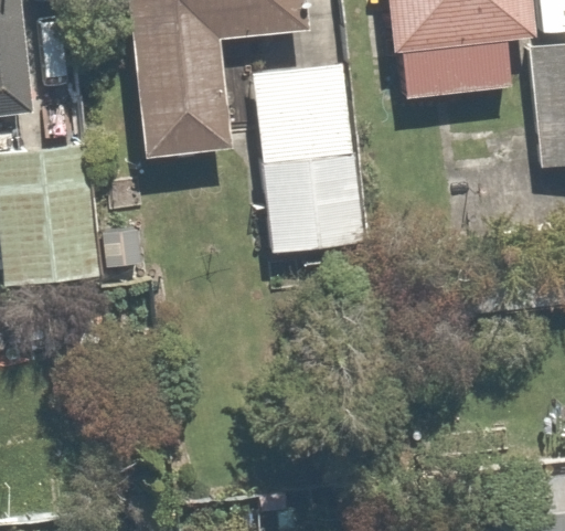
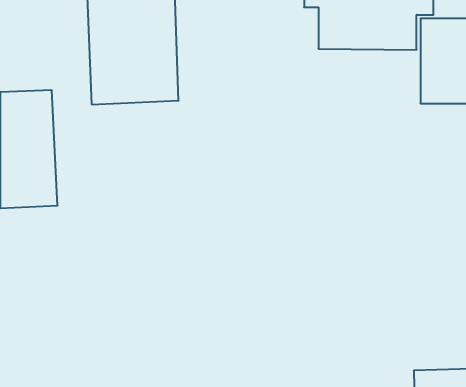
building: [253,77,349,258] -> none

